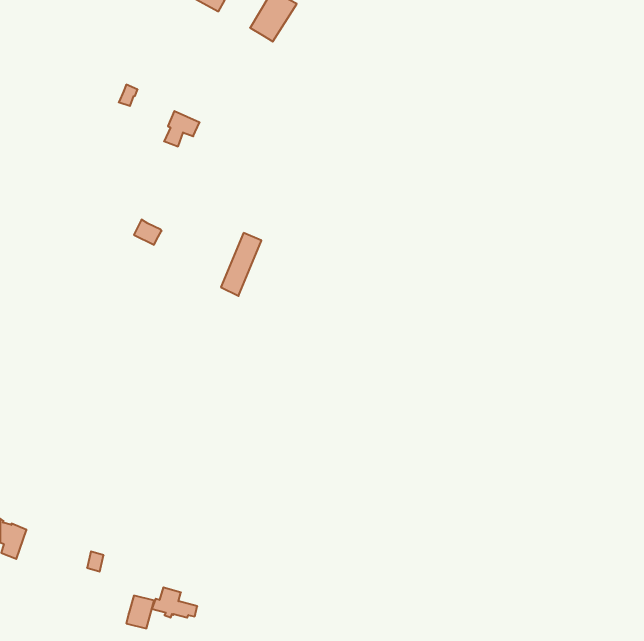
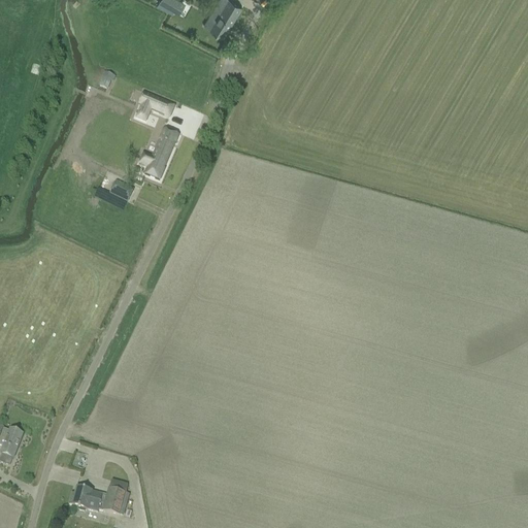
building: [221,233,261,296] -> [145,128,178,179]
building: [152,587,197,618] -> [69,486,106,510]

